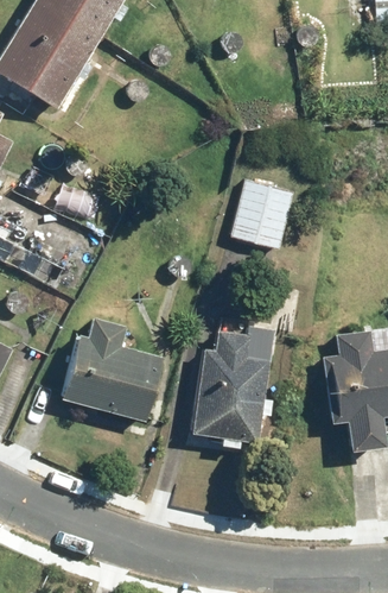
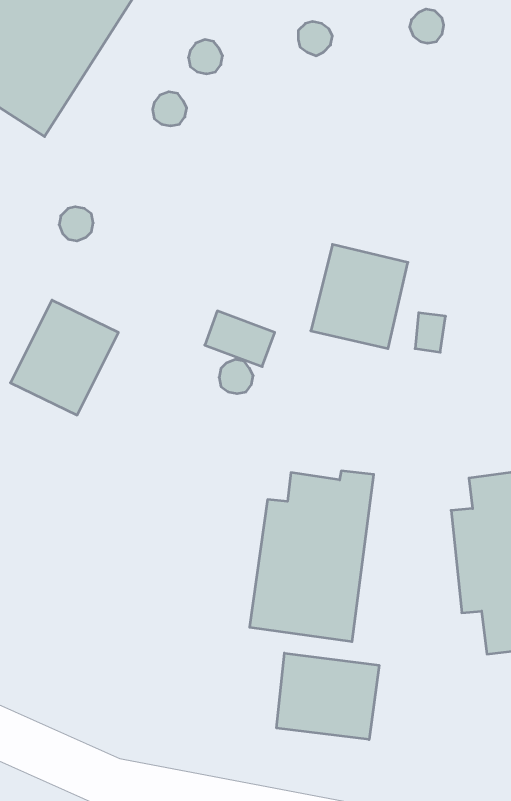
building: [61,318,161,422] -> none
building: none -> [277,653,379,740]

